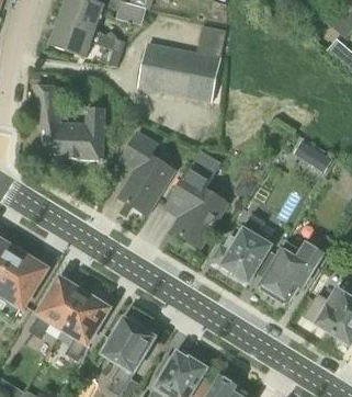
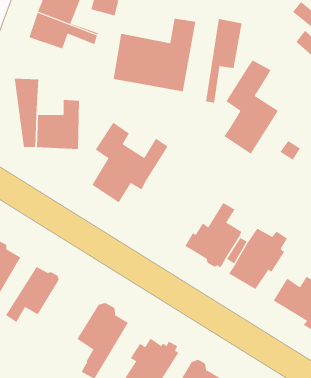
building: none -> [206,18,242,104]
building: [170,150,227,248] -> [223,59,279,154]
building: [61,294,109,360] -> none

